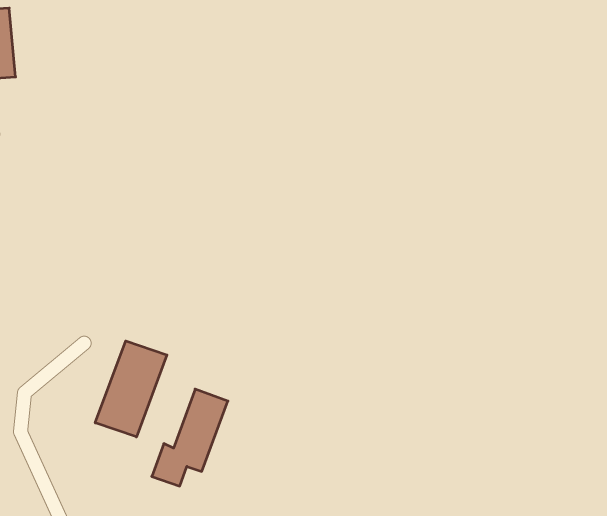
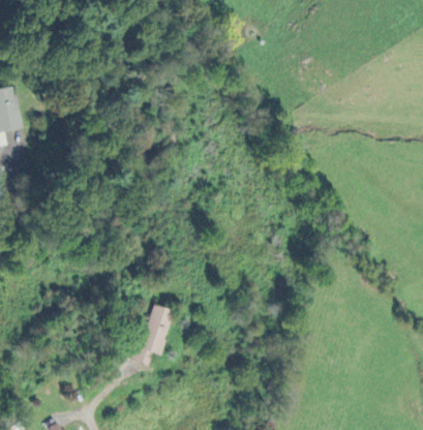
building: [95,341,167,437] -> none

